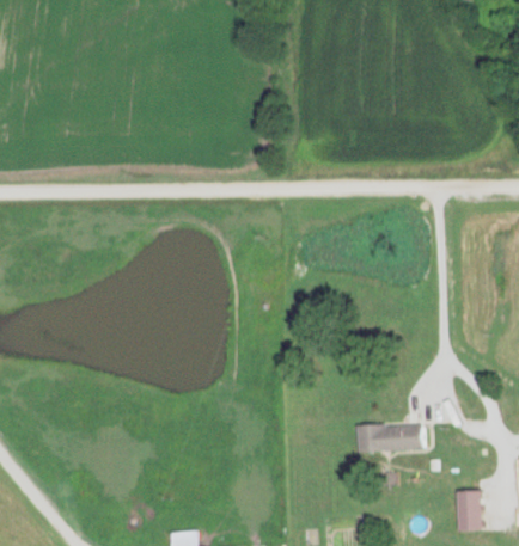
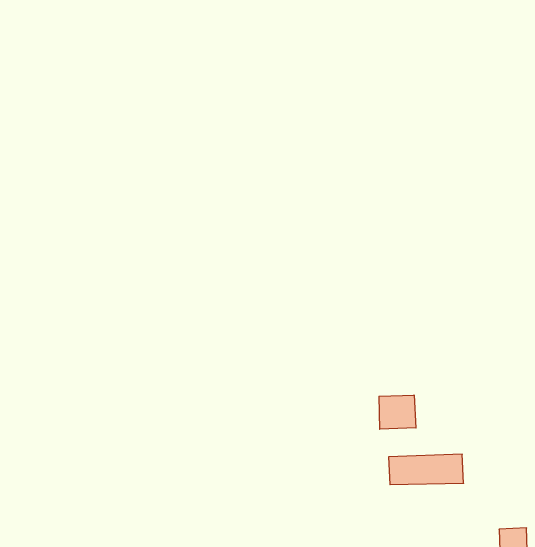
building: none -> [379,395,416,429]

